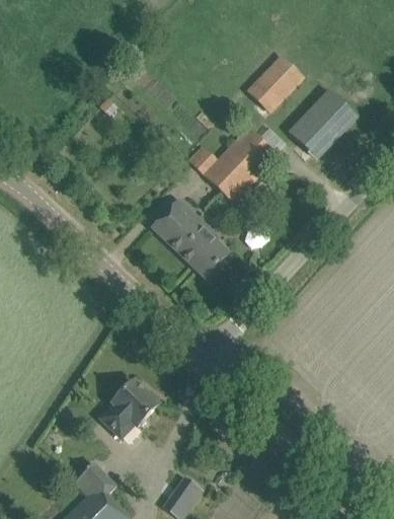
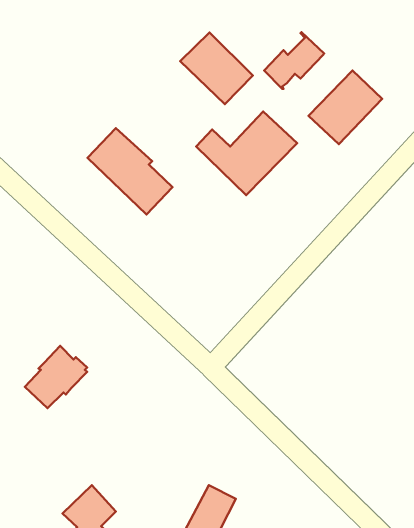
building: none -> [180,32,253,104]
building: [152,201,228,278] -> [88,128,173,214]
building: [101,381,157,437] -> [25,346,87,408]

